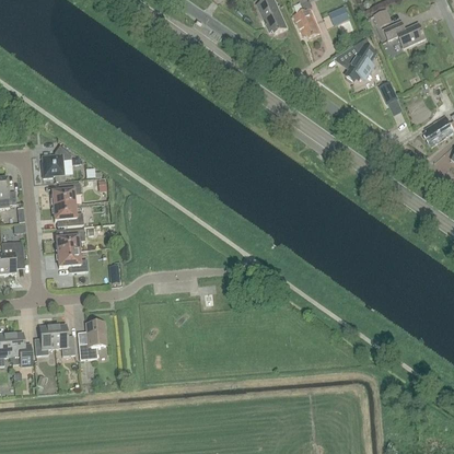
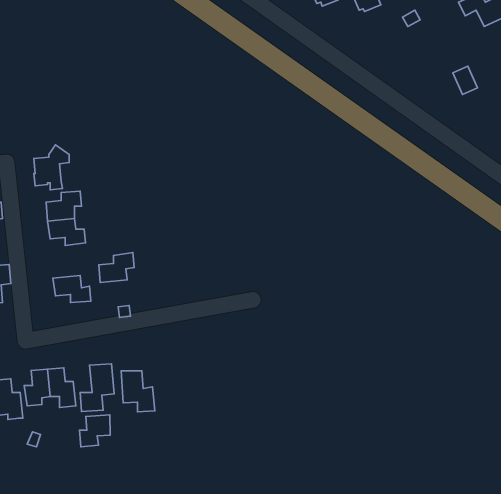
building: [345,38,375,81] -> none
building: [56,226,84,251] -> [99,253,134,283]
building: none -> [121,371,155,412]
building: none -> [80,415,110,447]

